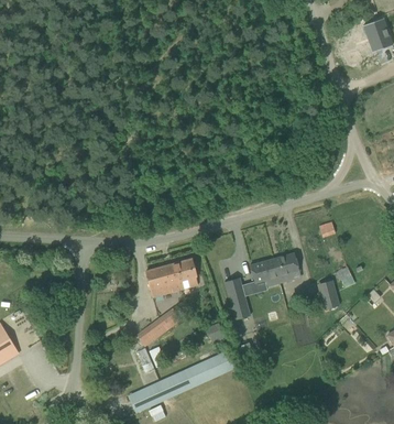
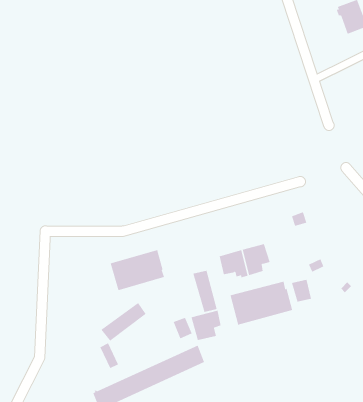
building: none -> [230,281,293,325]
building: none -> [191,310,221,341]

